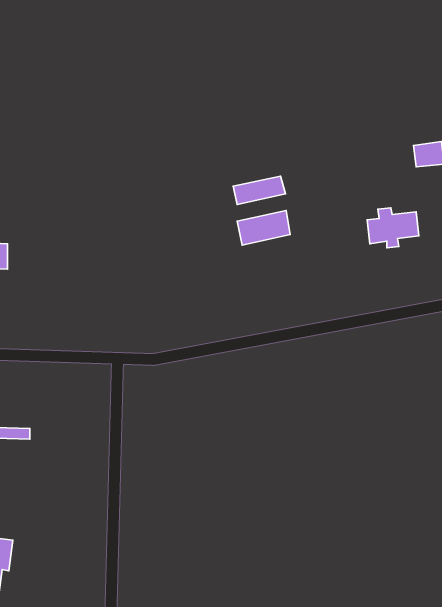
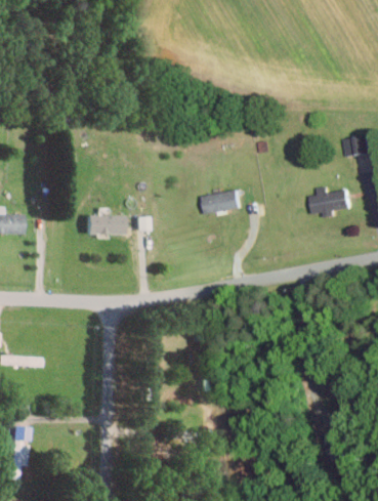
building: [233,176,285,204] -> none
building: none -> [88,214,128,235]

